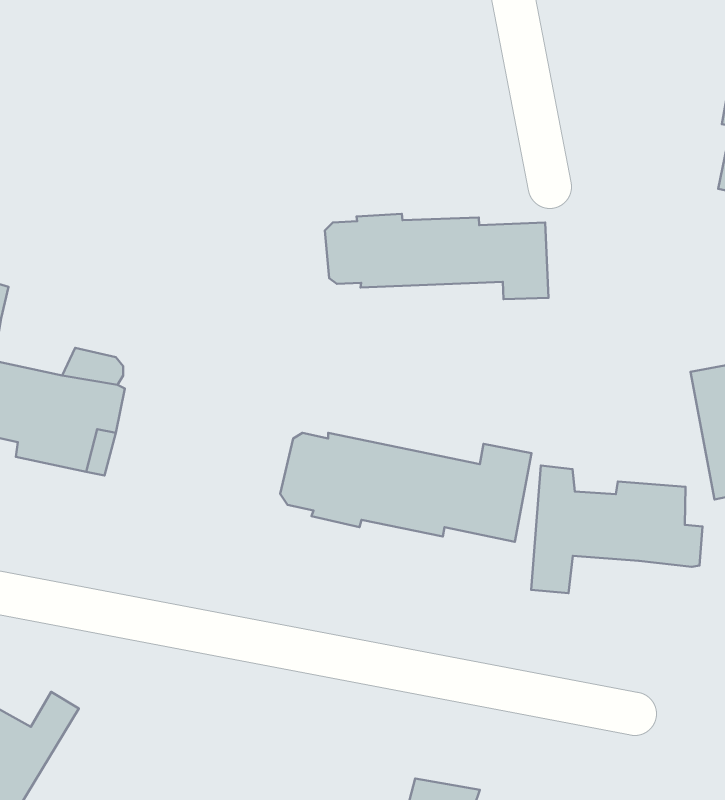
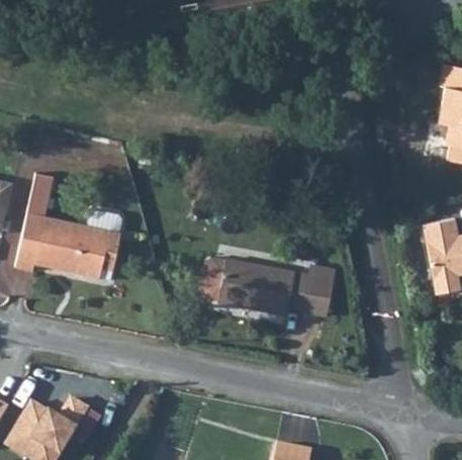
building: [325,214,549,299] -> none
building: [531,465,702,593] -> none

